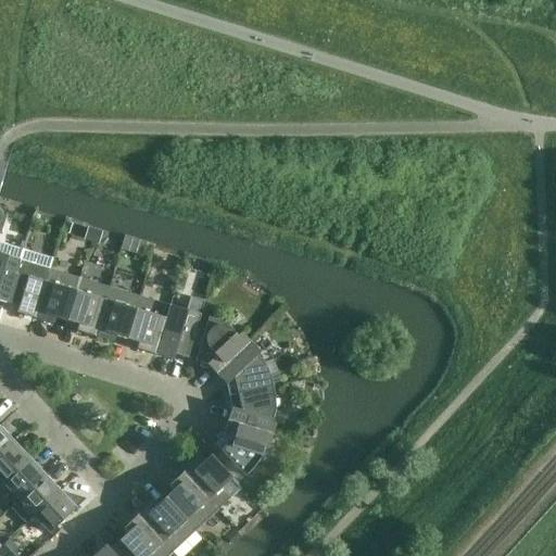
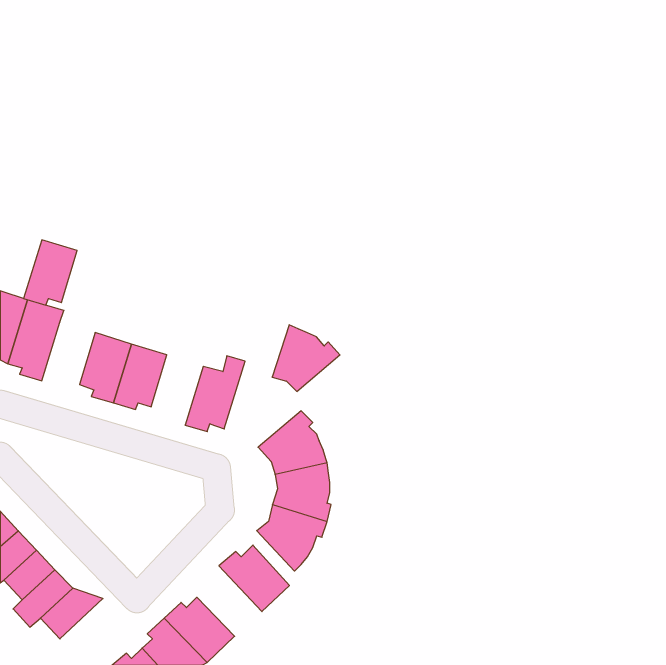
building: [35,268,79,323] -> [24,240,77,305]
building: [126,295,169,354] -> none
building: [194,317,251,372] -> [272,325,340,391]
building: [164,471,218,530] -> none

